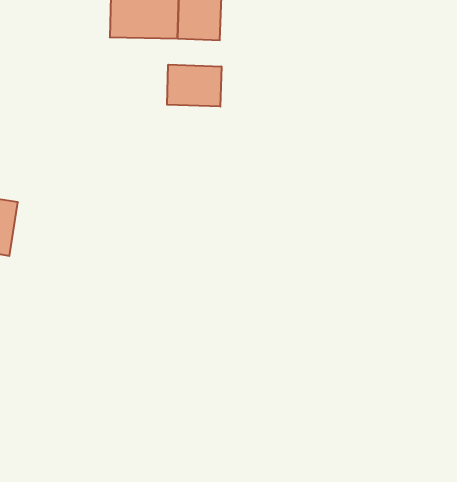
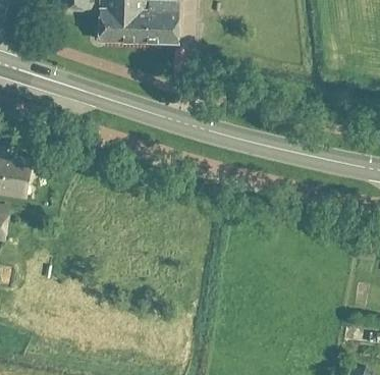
building: [167,65,221,107] -> none

